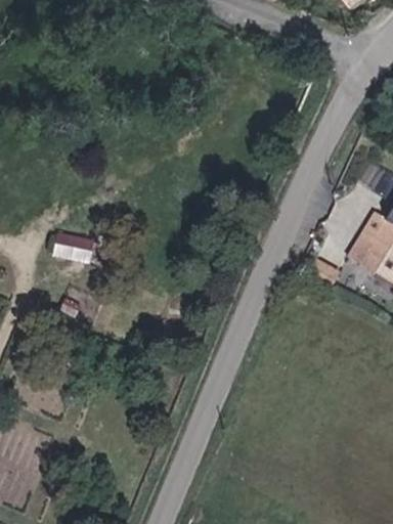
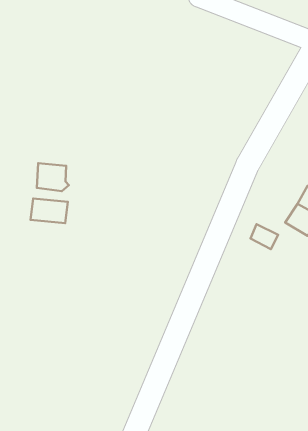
building: none -> [37,163,69,191]

